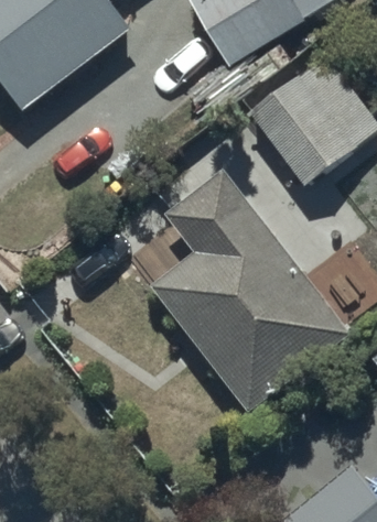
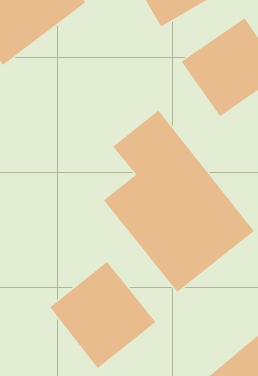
building: none -> [49,261,157,369]

